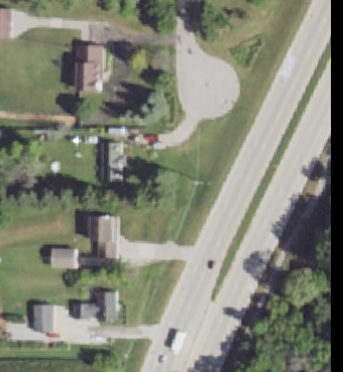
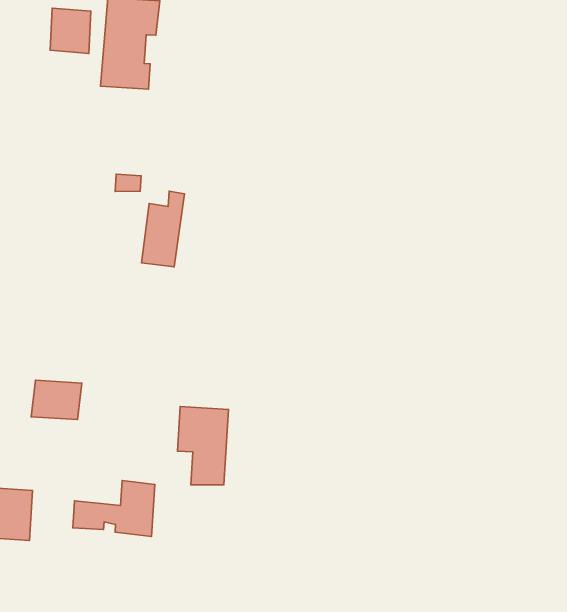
building: none -> [50,8,91,53]
building: [92,217,117,257] -> [178,407,229,485]

